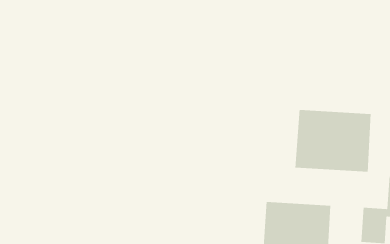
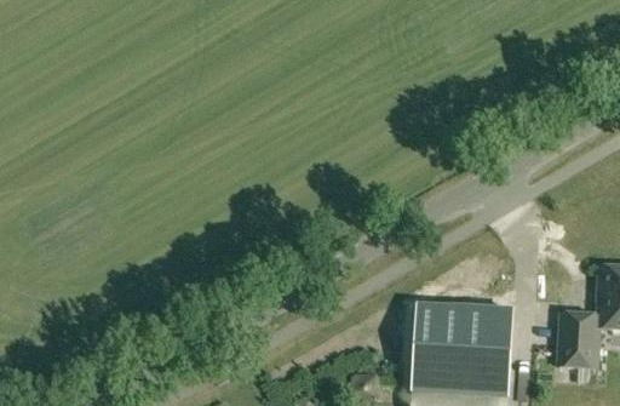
building: [295,109,371,173] -> none

